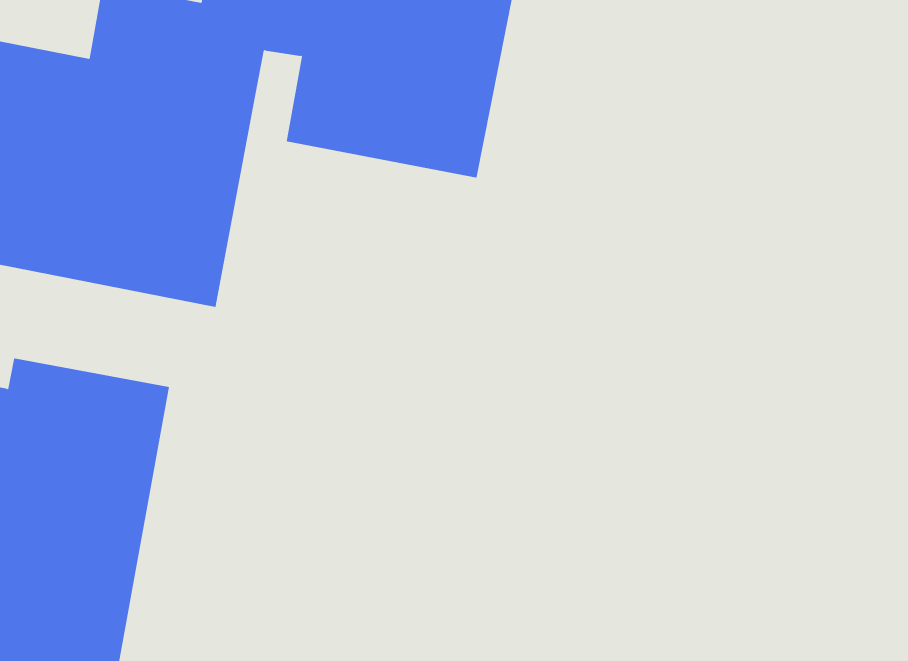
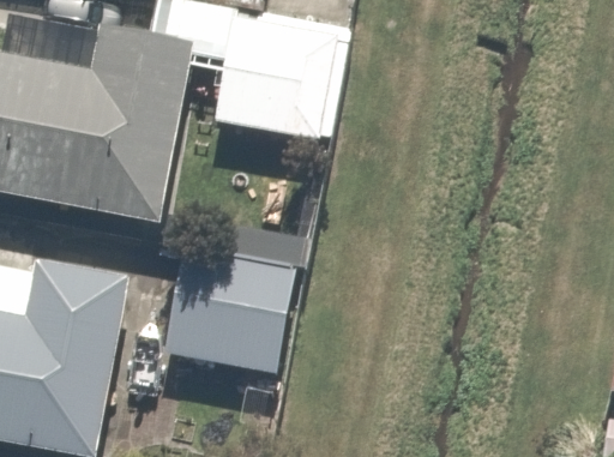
building: none -> [161,243,289,367]

